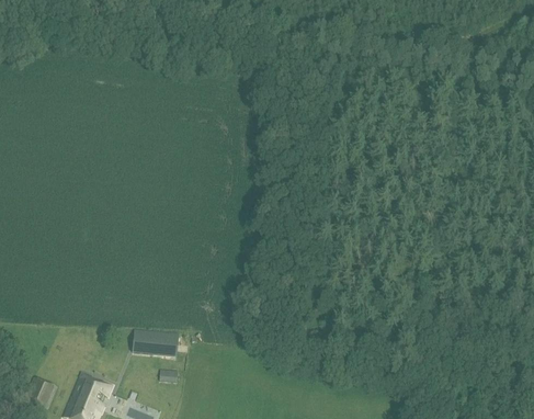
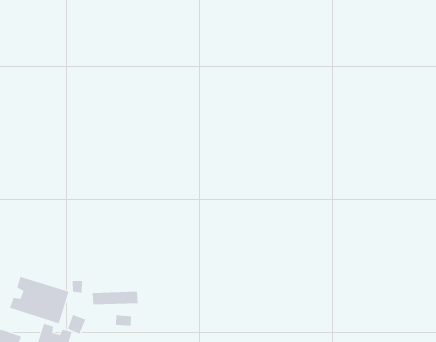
building: none -> [9,276,69,324]

